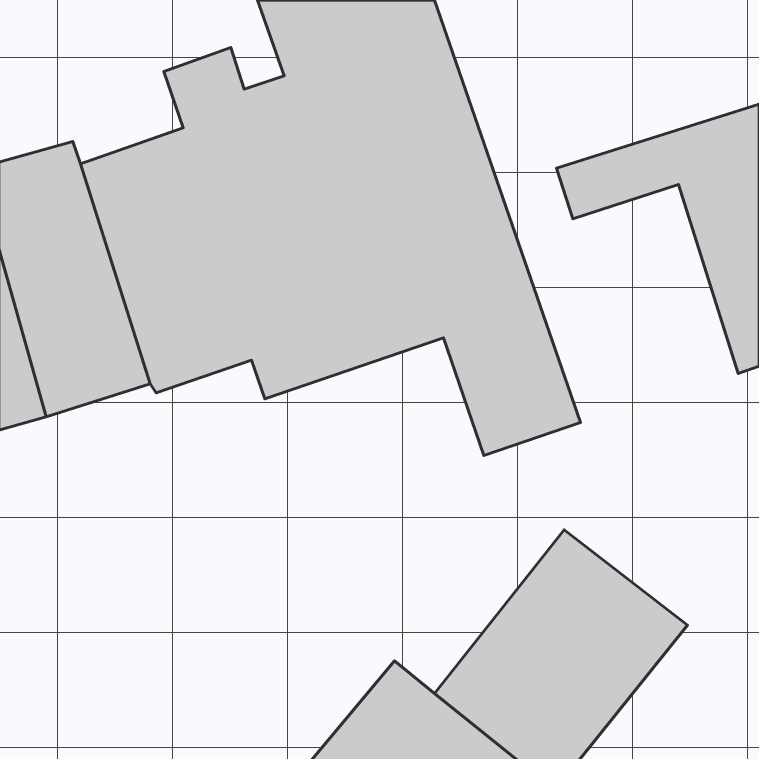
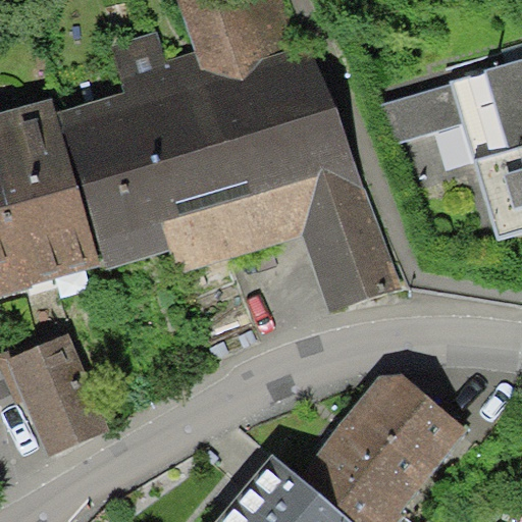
building: none -> [7,333,111,470]

